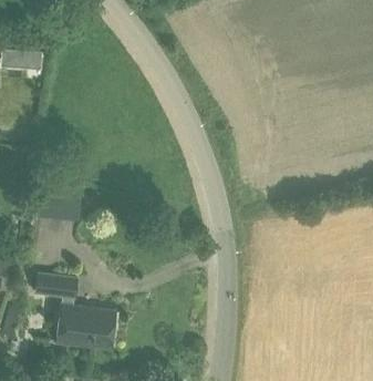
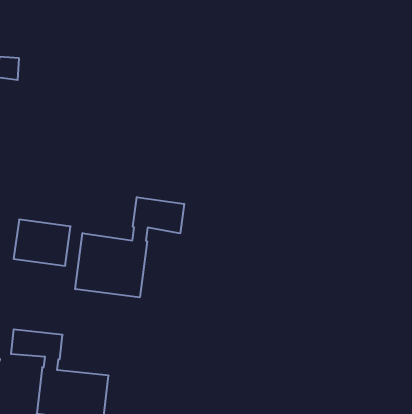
building: none -> [75,197,184,297]

